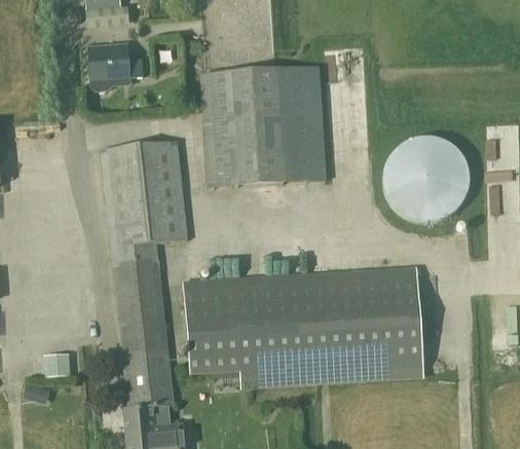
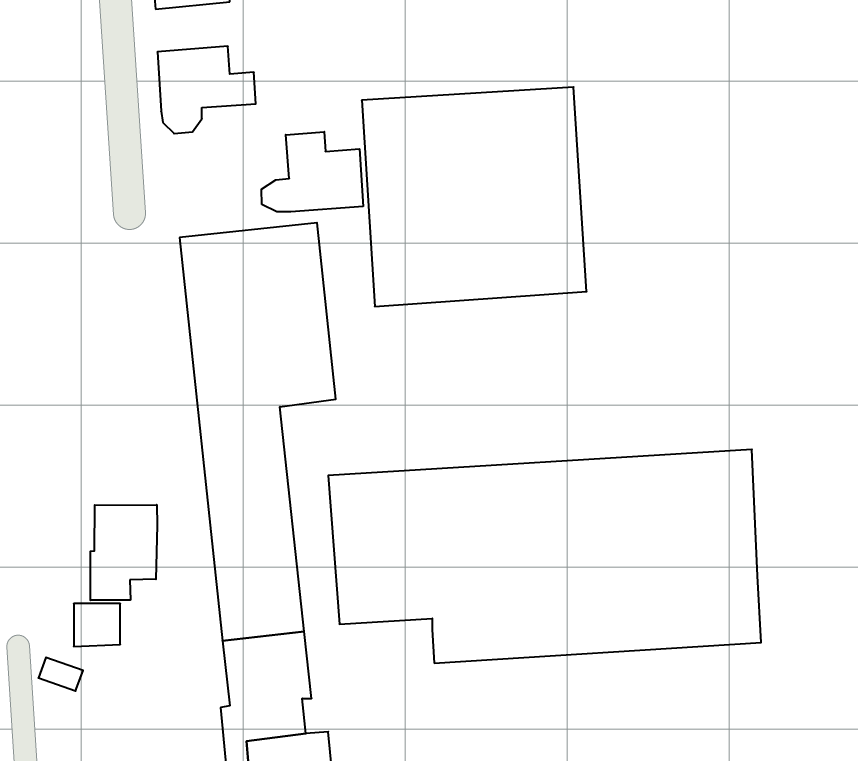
building: none -> [261,132,363,212]
building: [386,133,469,215] -> none
building: none -> [90,505,157,600]

